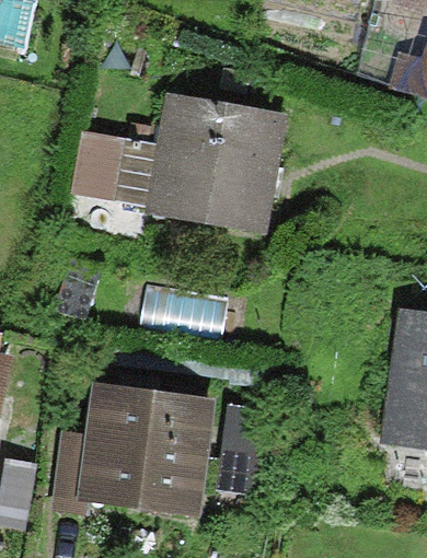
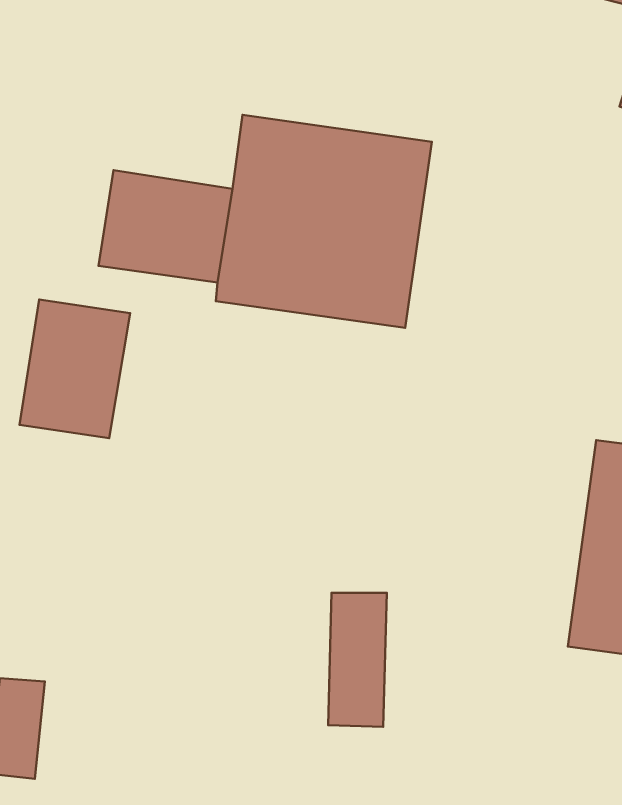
building: none -> [20,299,130,438]
building: [66,382,217,521] -> none

